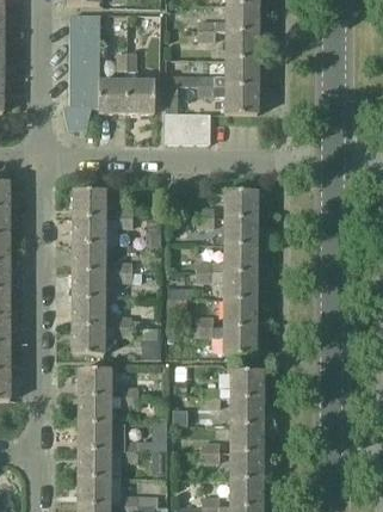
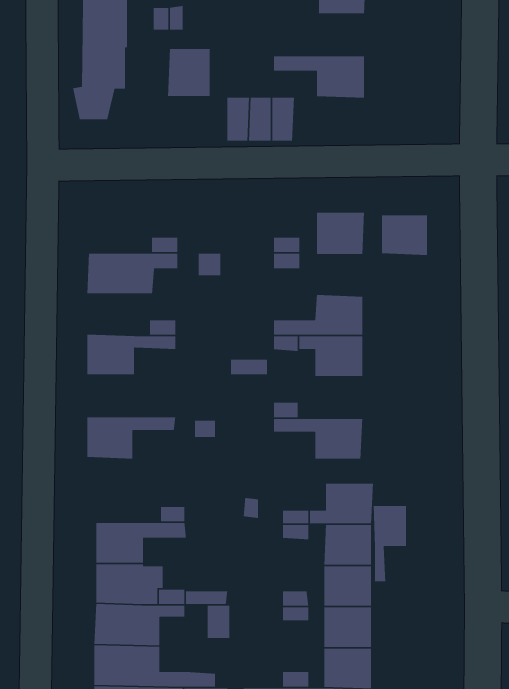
building: [166,58,258,86] -> none
building: [99,81,128,113] -> none
building: [74,190,106,217] -> none
building: [226,218,257,246] -> [381,214,428,256]
building: [73,245,105,272] -> none
building: [73,298,132,326] -> none
building: [224,300,257,327] -> none
building: [79,369,111,396] -> none
building: none -> [373,505,407,582]

